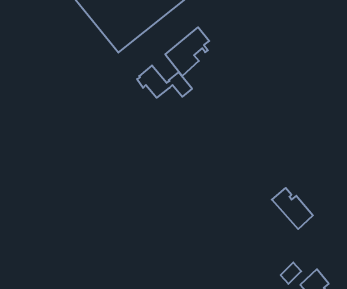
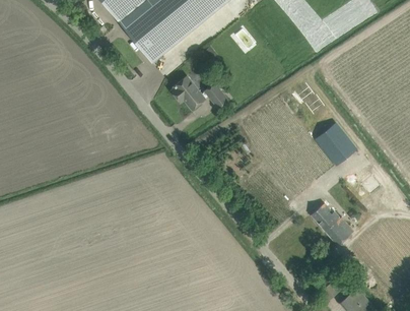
building: [165,27,209,76] -> none
building: none -> [316,123,356,165]

